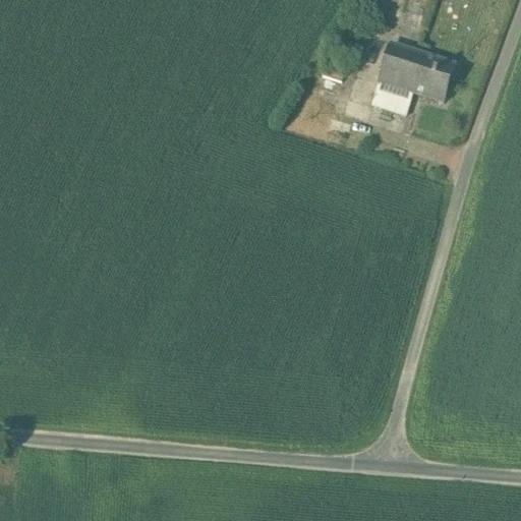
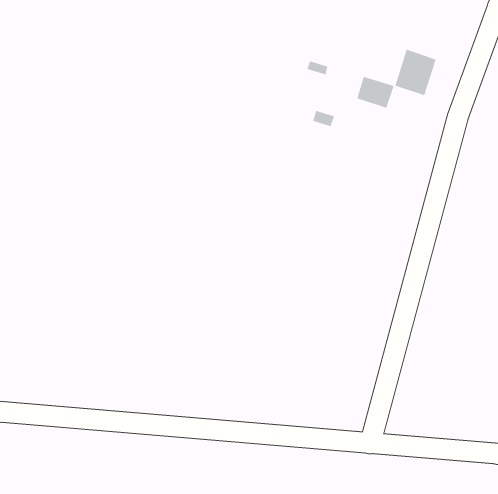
building: [379,41,423,90] -> none

